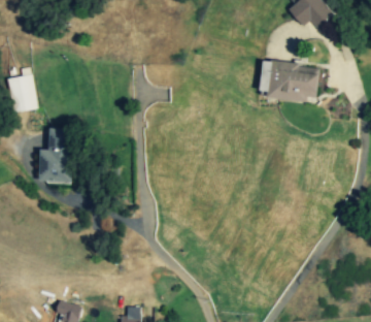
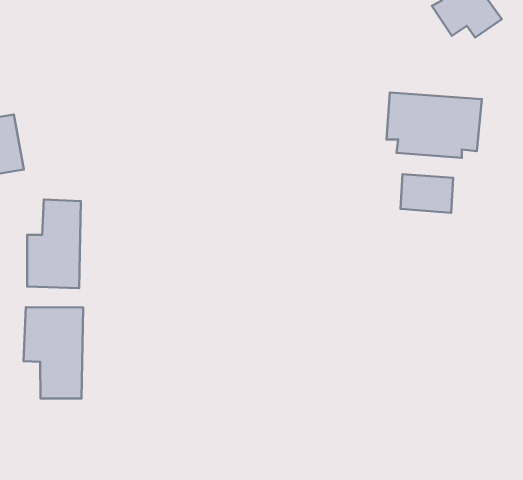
building: none -> [401,174,453,213]
building: none -> [24,307,83,399]

